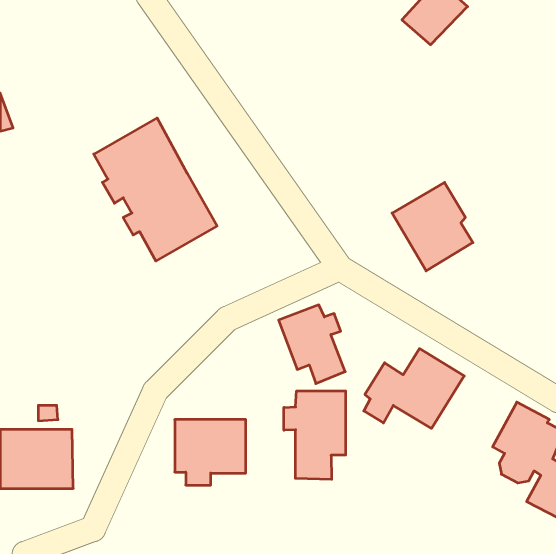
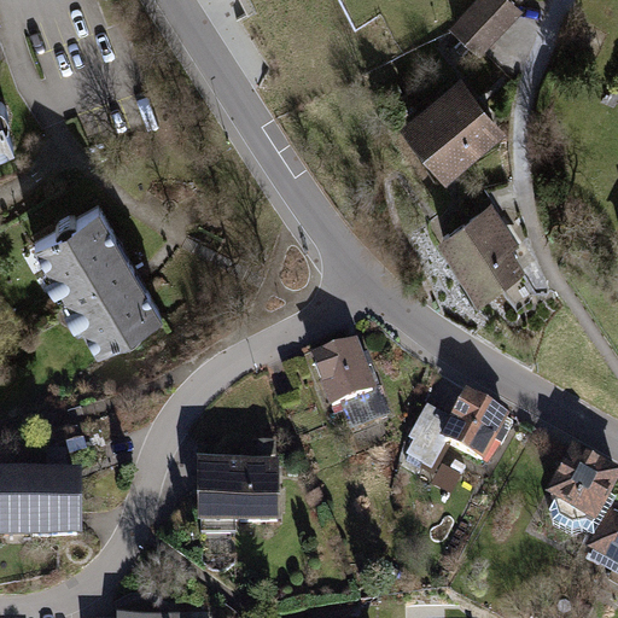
building: none -> [396,70,503,176]
building: [94,118,217,261] -> [35,203,171,361]
building: [284,391,346,479] -> none

